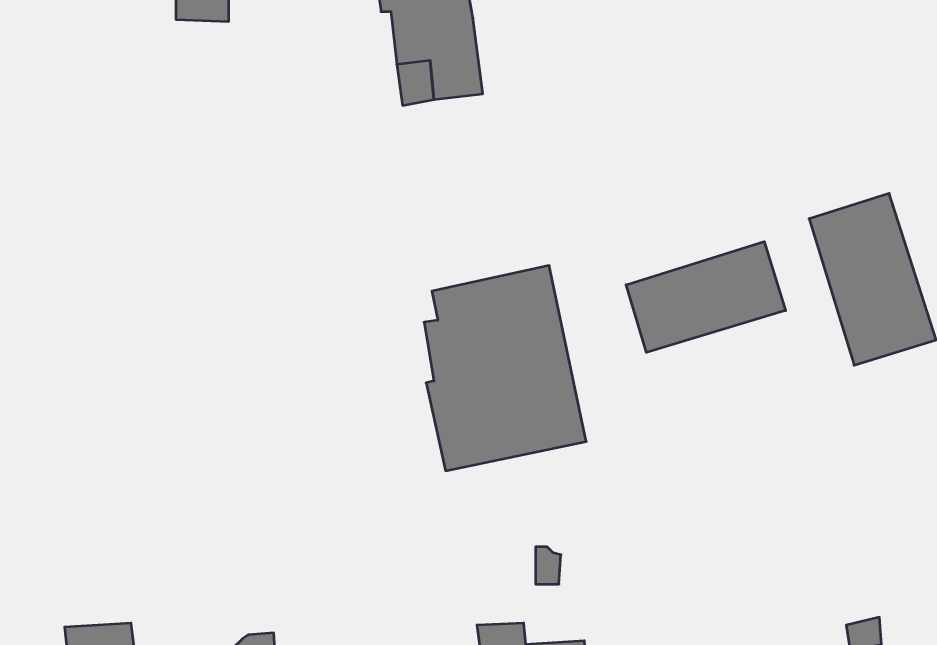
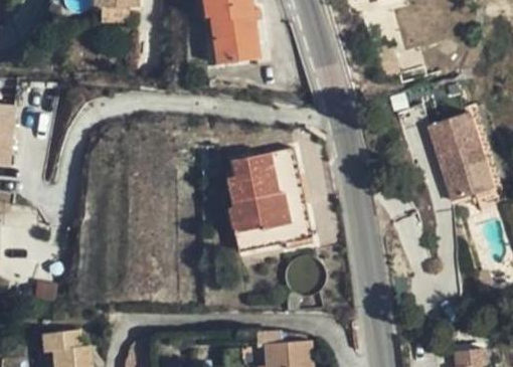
building: [626,242,786,352] -> none

